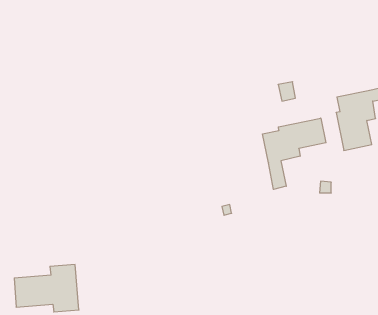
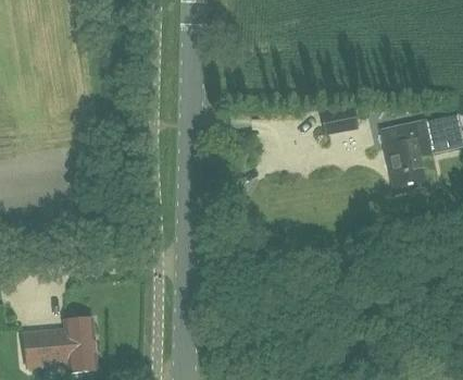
building: [263,118,326,189] -> none

